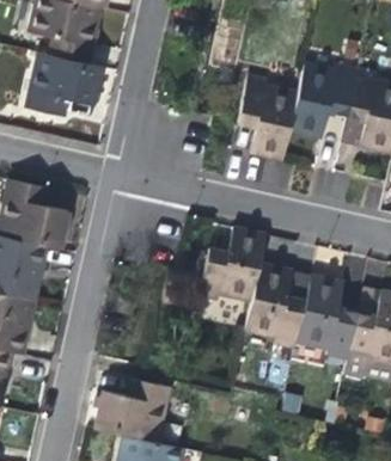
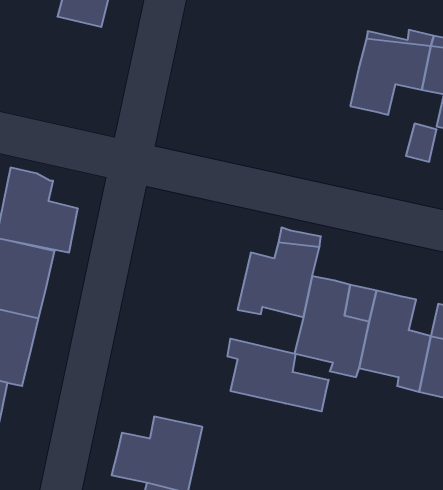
building: [25,53,99,116] -> none
building: [237,76,297,161] -> none
building: none -> [228,339,329,411]

